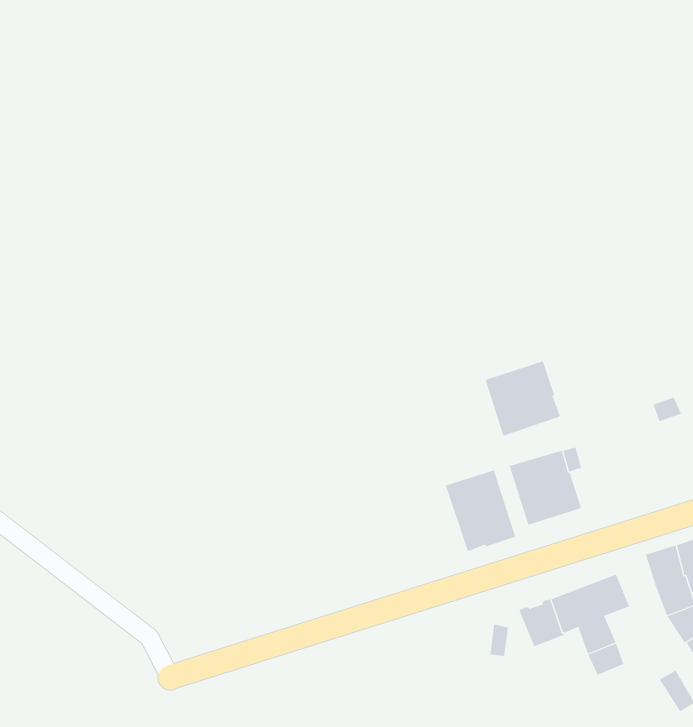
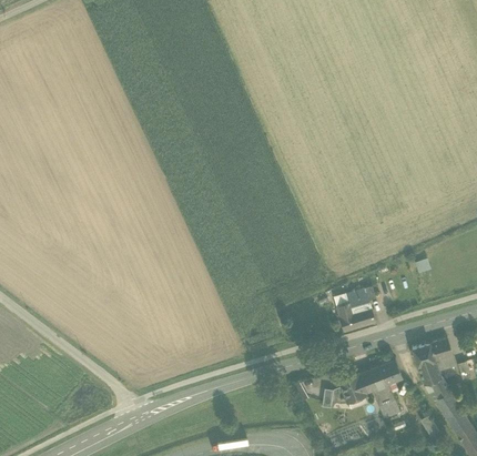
building: [485,361,560,436] -> none
building: [445,469,516,552] -> none

